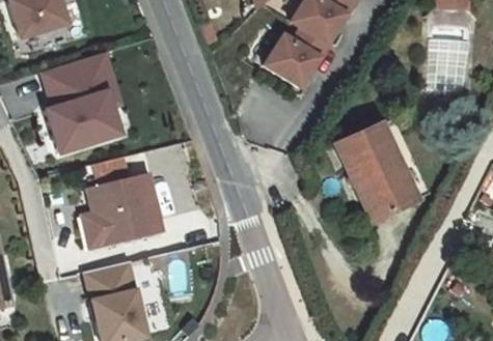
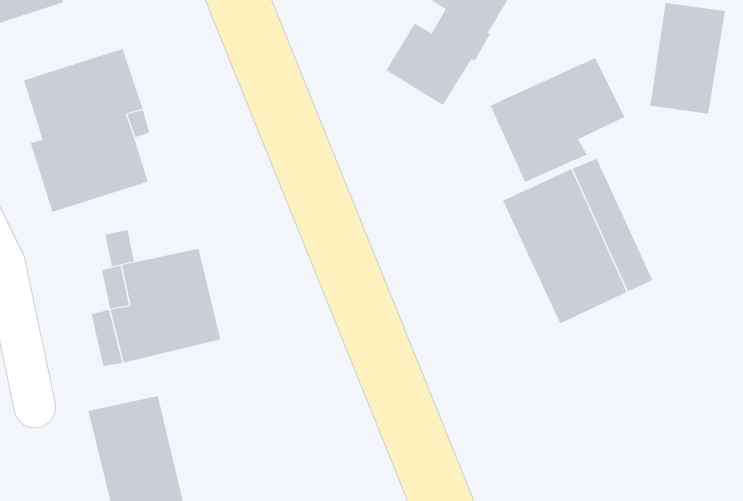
building: none -> [490,57,625,183]

